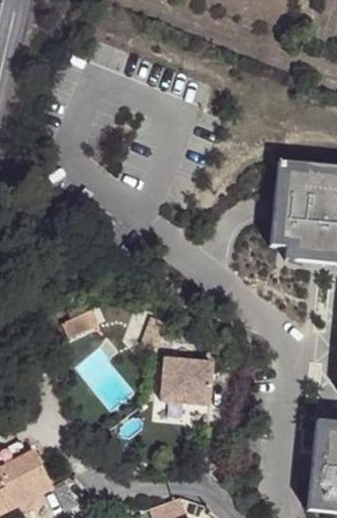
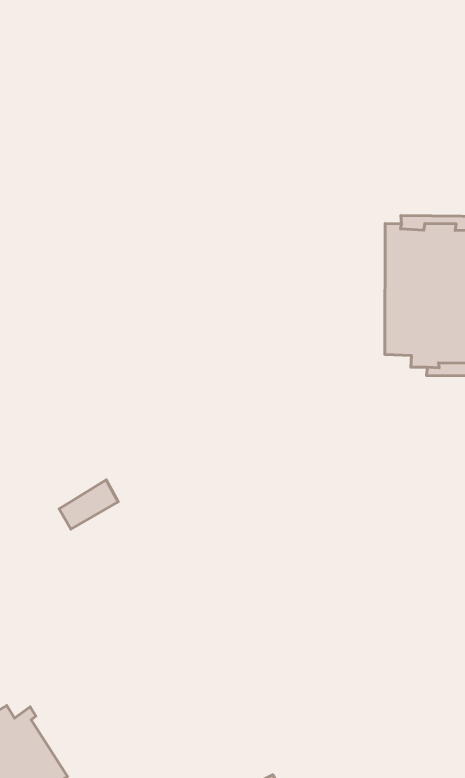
building: [158,357,209,404] -> none

